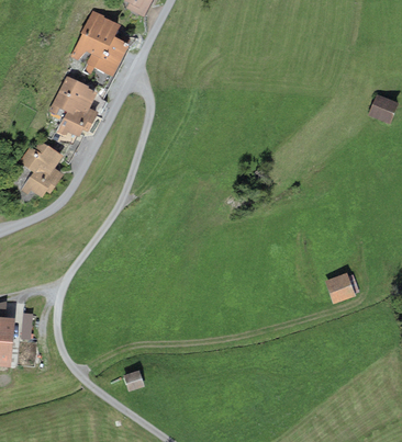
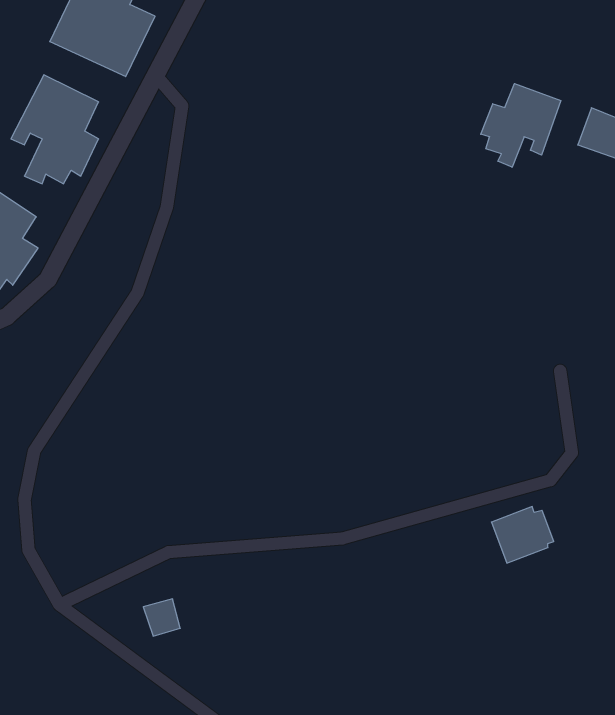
building: none -> [481,84,561,167]
building: [324,273,359,305] -> [491,507,554,563]

